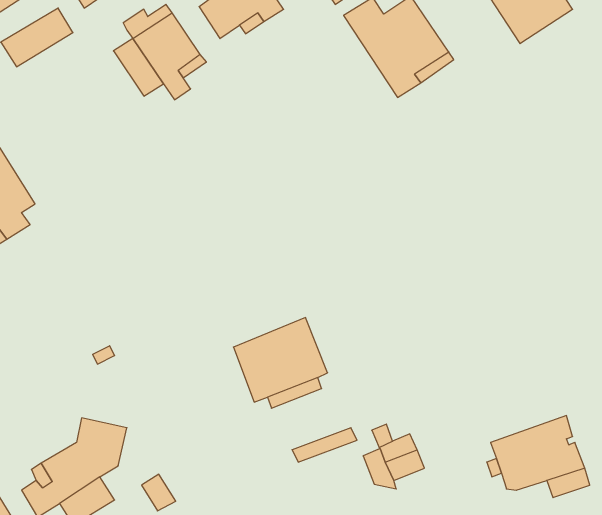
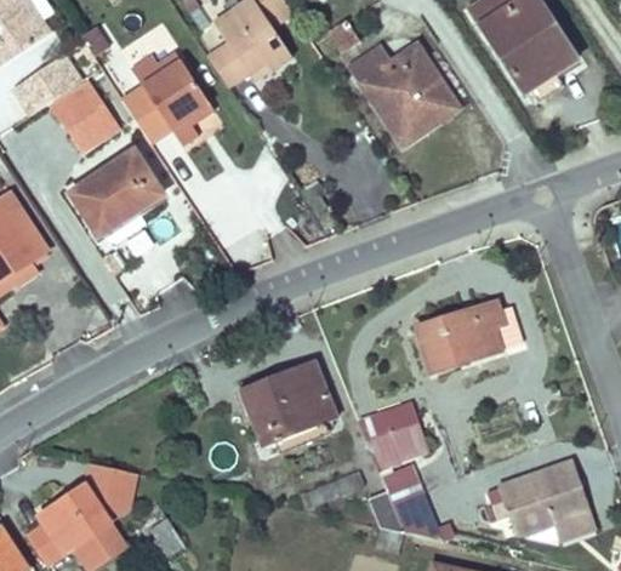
building: none -> [51,80,120,152]
building: none -> [70,150,161,232]
building: none -> [417,301,523,372]
building: none -> [360,400,429,468]

